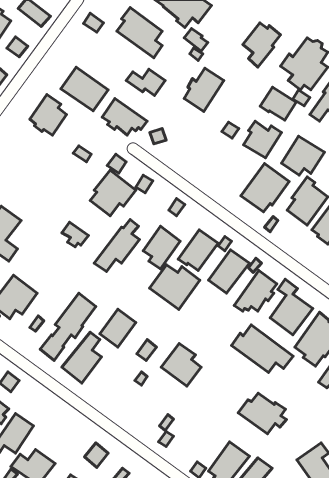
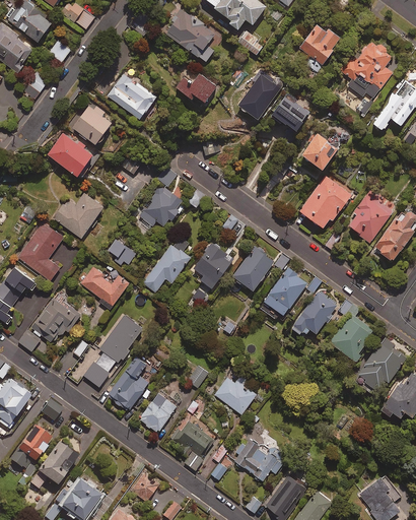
building: [260,87,296,120] -> [272,95,310,131]
building: [102,98,147,135] -> none
building: none -> [46,132,95,177]
building: [281,136,325,175] -> none
building: none -> [53,192,103,238]
building: none -> [80,266,128,306]
building: [150,265,200,310] -> none
building: [100,309,136,347] -> [138,392,177,433]
building: [231,325,293,373] -> none
building: none -> [175,420,213,470]
building: [238,393,286,434] -> [230,437,282,480]

